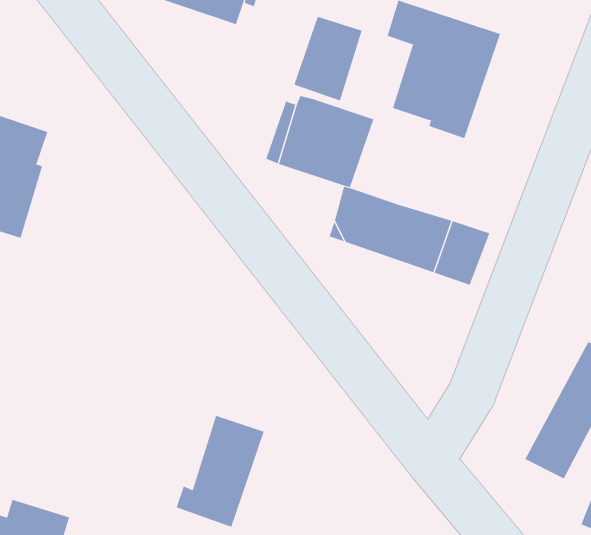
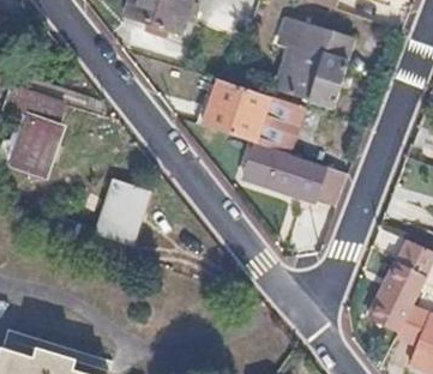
building: [294,16,362,101] -> [255,94,301,150]
building: [176,415,265,528] -> [86,185,145,259]

